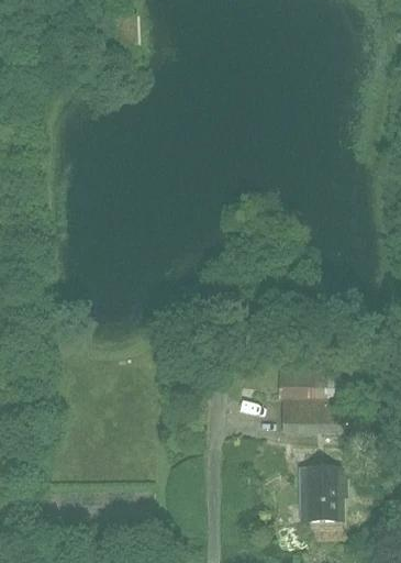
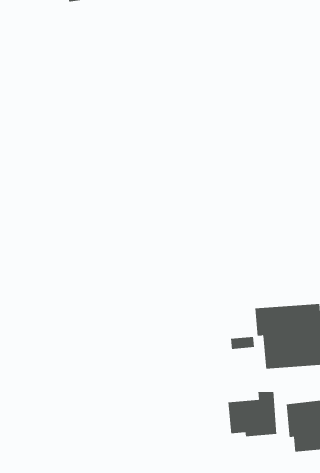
building: none -> [228,391,277,437]

